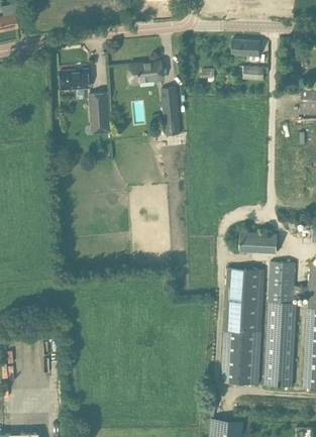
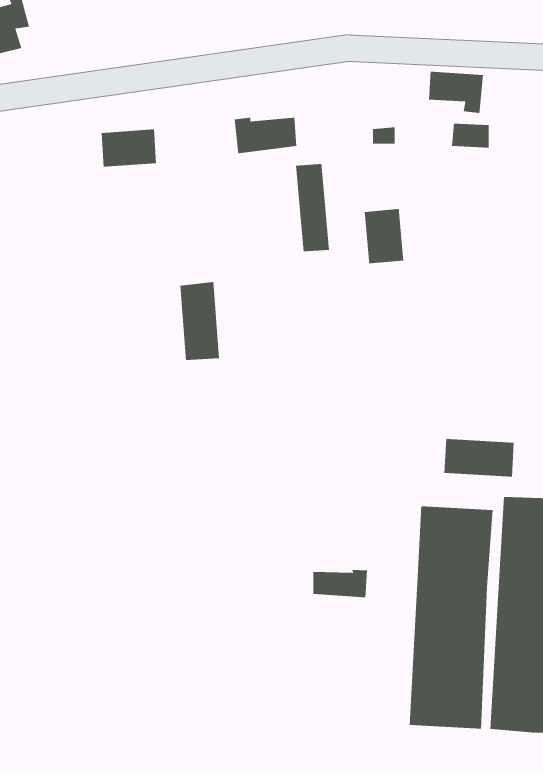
building: [89,92,110,133] -> [180,282,220,361]
building: none -> [364,208,404,264]
building: none -> [313,569,367,598]

